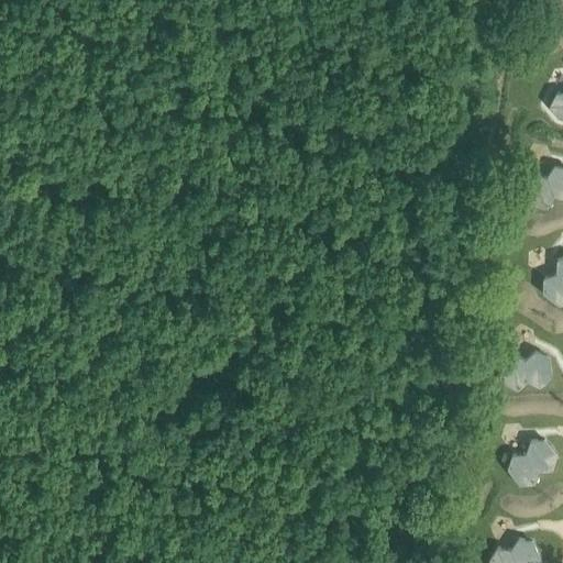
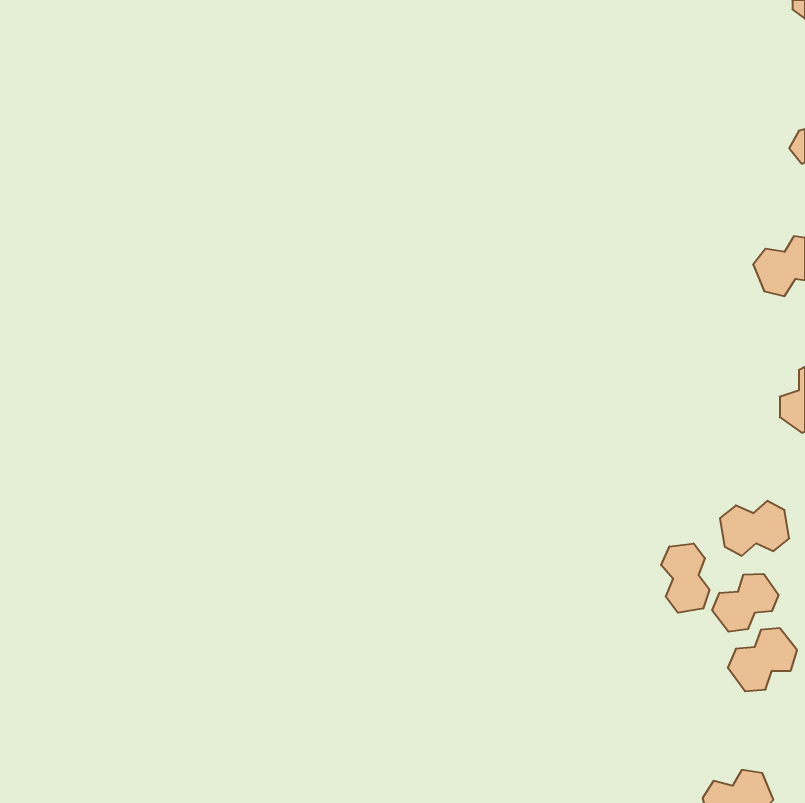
building: none -> [661,543,710,613]
building: none -> [712,574,779,632]

